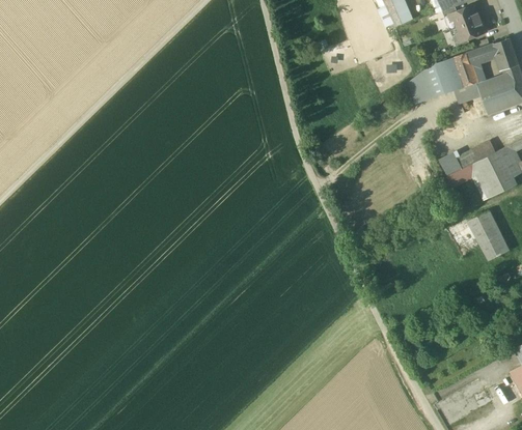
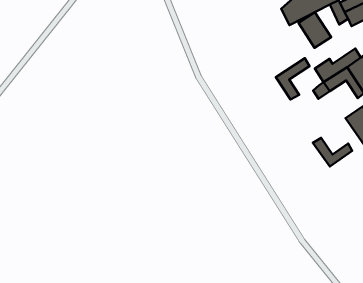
building: none -> [298,12,331,48]
building: none -> [276,58,310,100]
building: none -> [313,138,352,167]

